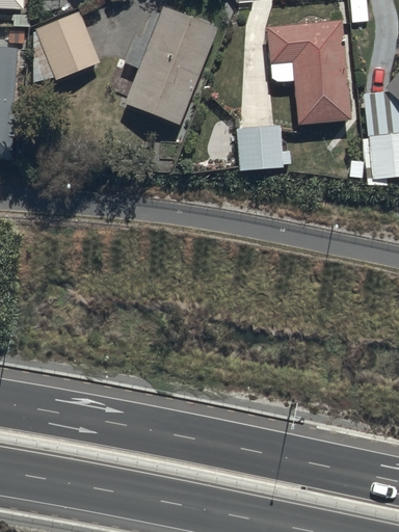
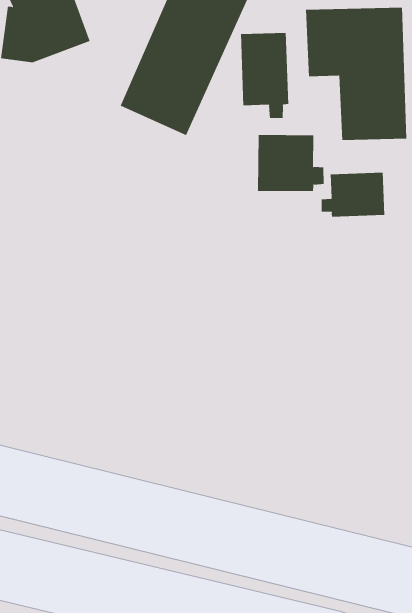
building: none -> [240,32,289,119]
building: none -> [321,172,385,217]

